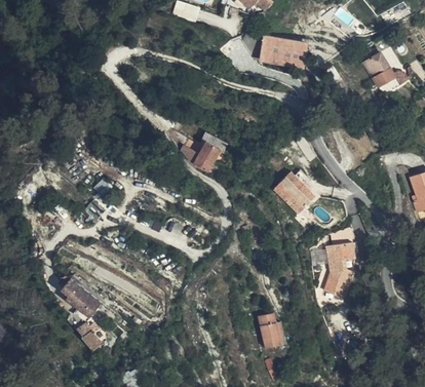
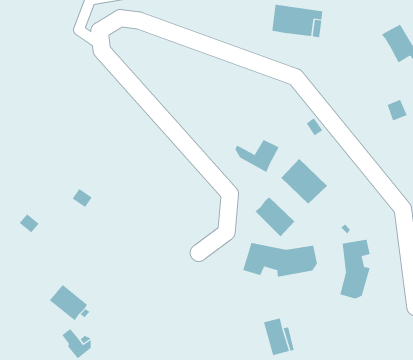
building: [180,142,220,171] -> [234,139,279,173]
building: none -> [255,197,295,237]
building: none -> [243,242,318,277]

